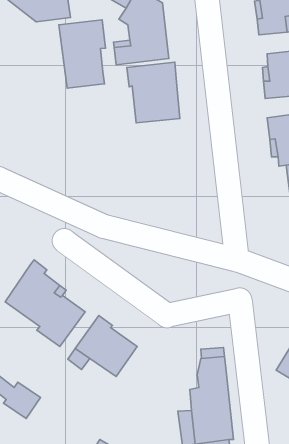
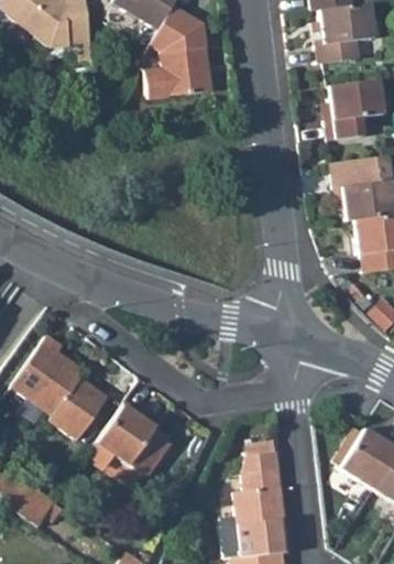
building: [59,20,105,88] -> none
building: [127,62,180,123] -> none

